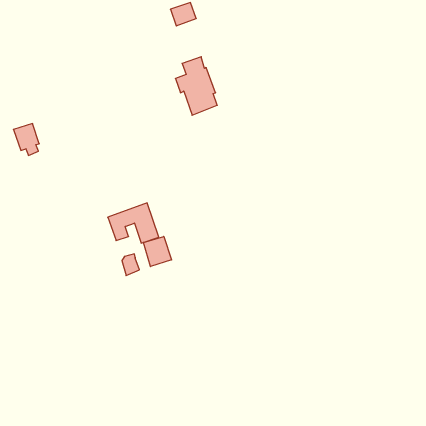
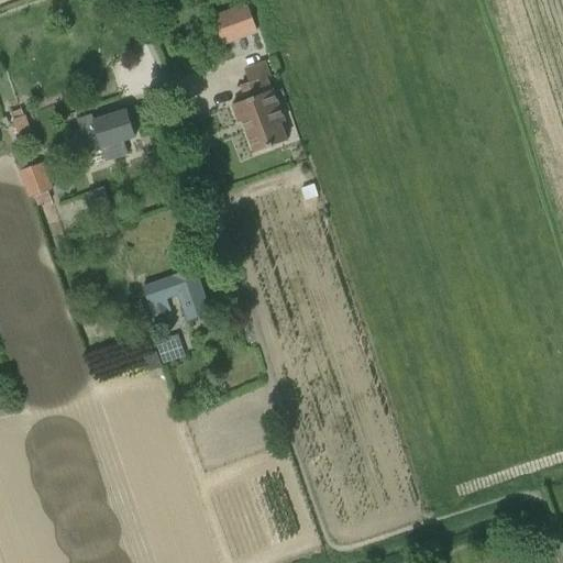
building: none -> [75,109,134,161]
building: [143,236,172,267] -> none

